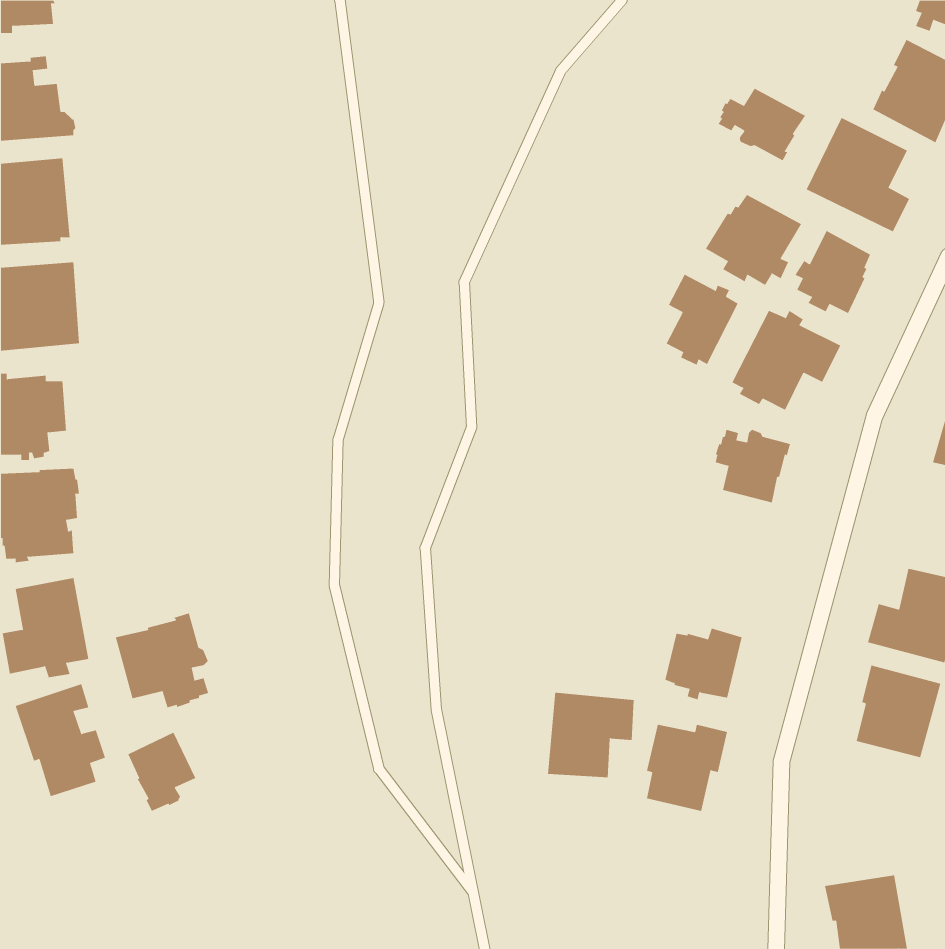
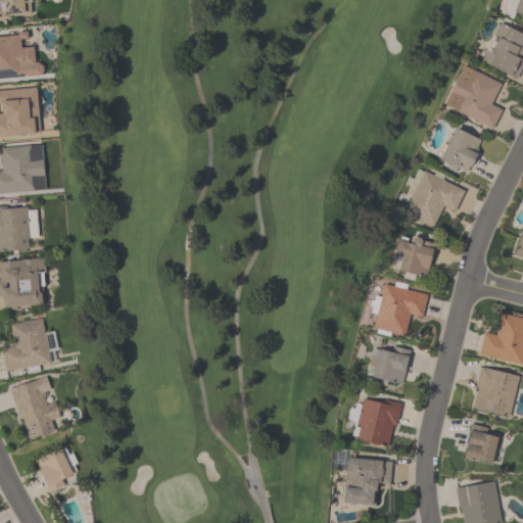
building: [718,88,806,161] -> none
building: [705,194,802,286] -> none
building: [666,274,739,366] -> none
building: none -> [372,281,429,336]
building: [115,613,209,708] -> none
building: [547,692,634,778] -> [343,458,391,505]
building: [127,732,196,812] -> [36,448,74,492]
building: none -> [464,423,498,465]

